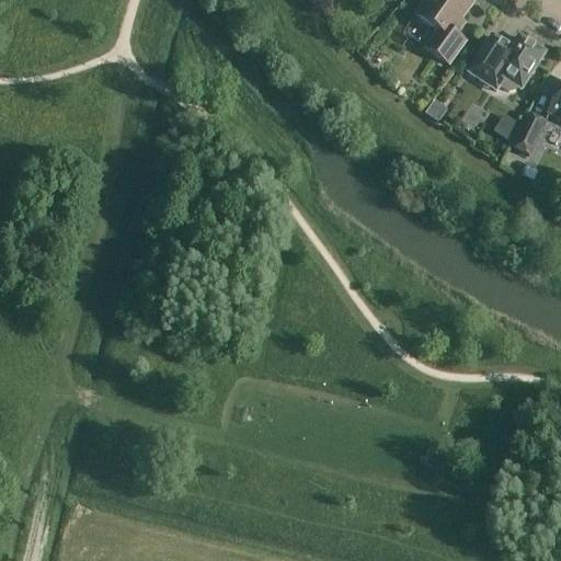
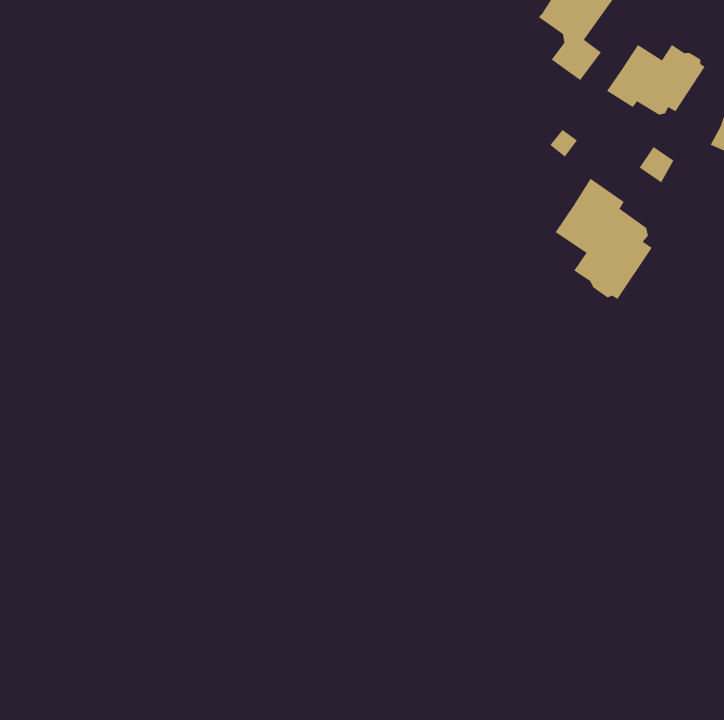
building: [513,114,546,154] -> none
building: none -> [555,178,652,300]

